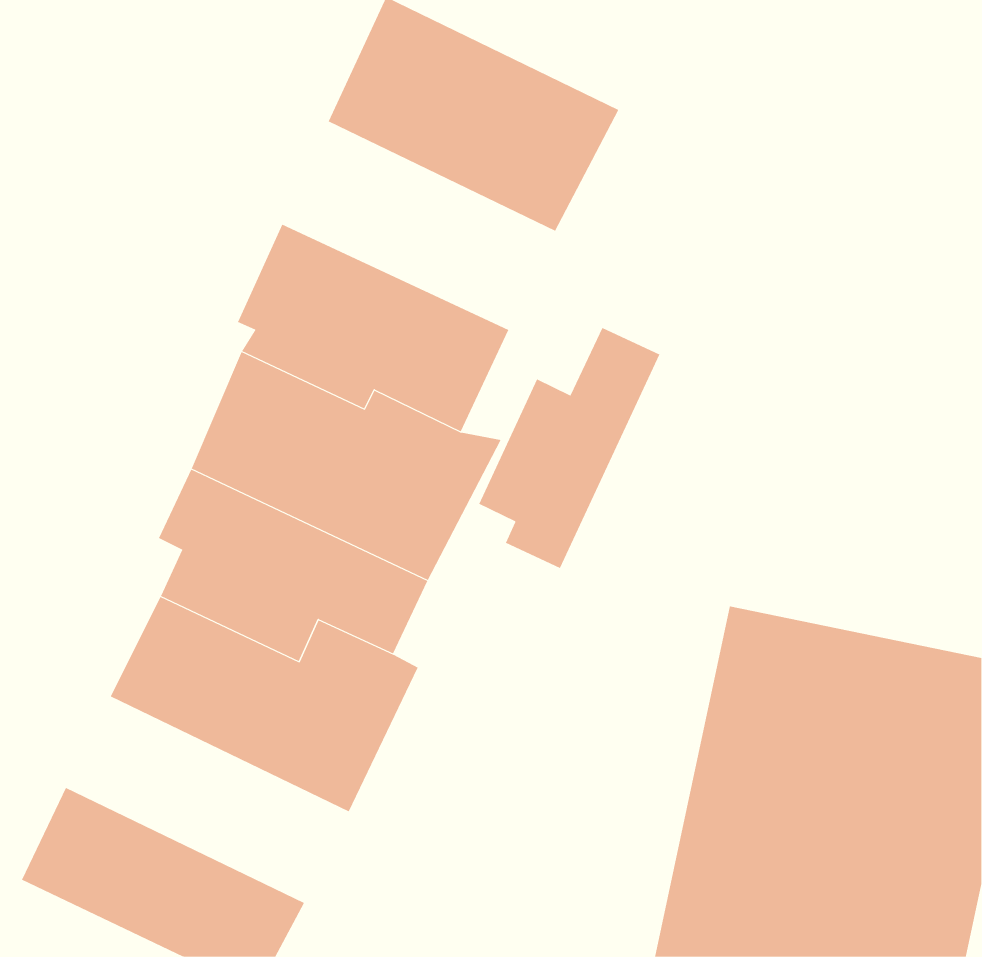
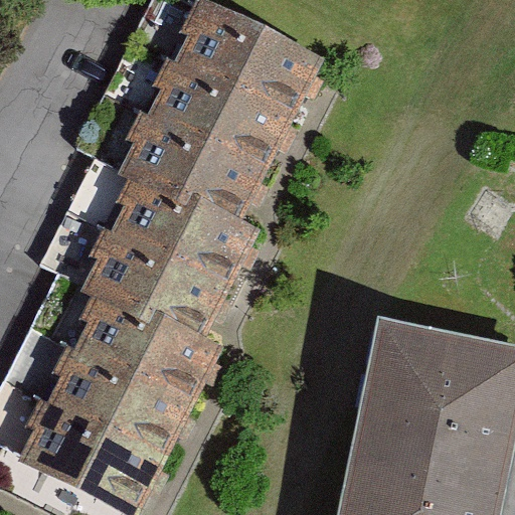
building: none -> [147,63,290,172]
building: [478,327,660,569] -> none
building: none -> [34,363,182,471]

